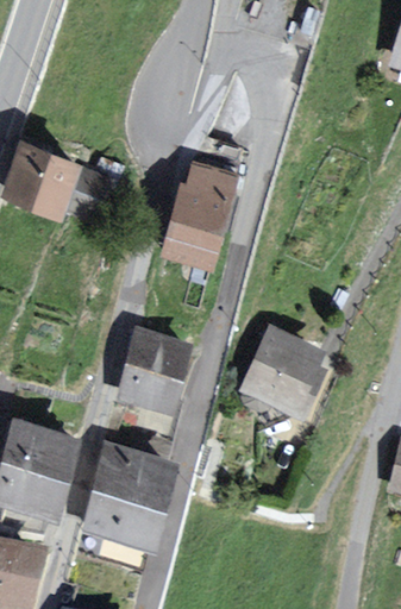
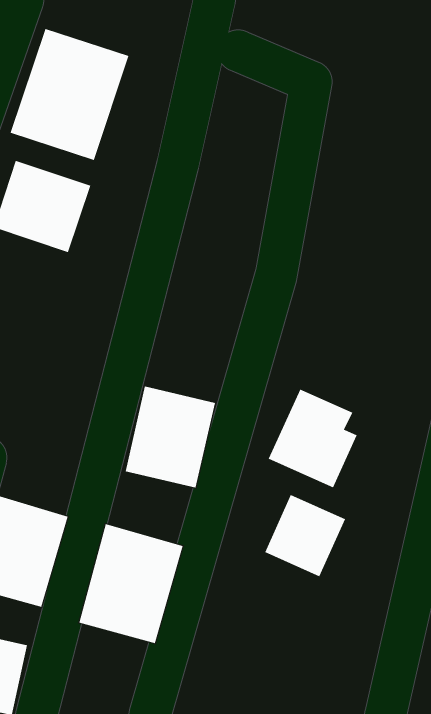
building: none -> [10,28,129,161]
building: [161,162,244,270] -> none
building: none -> [264,494,346,577]

